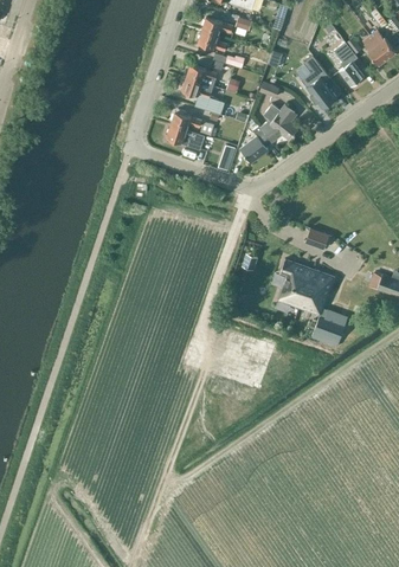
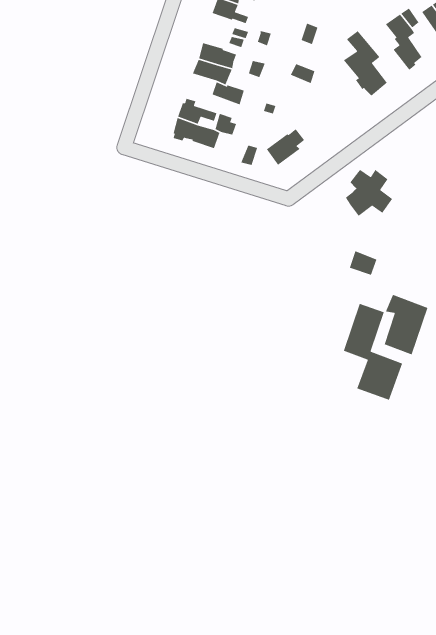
building: [259,104,297,142] -> [345,169,393,217]
building: [277,259,313,308] -> [383,294,429,356]

